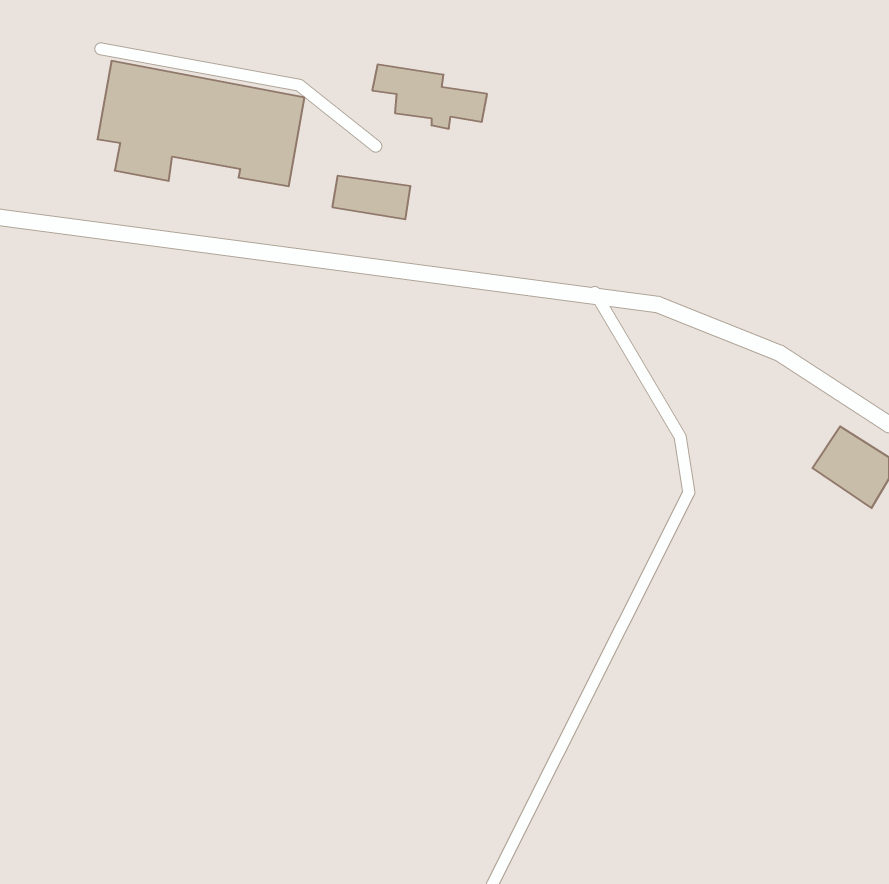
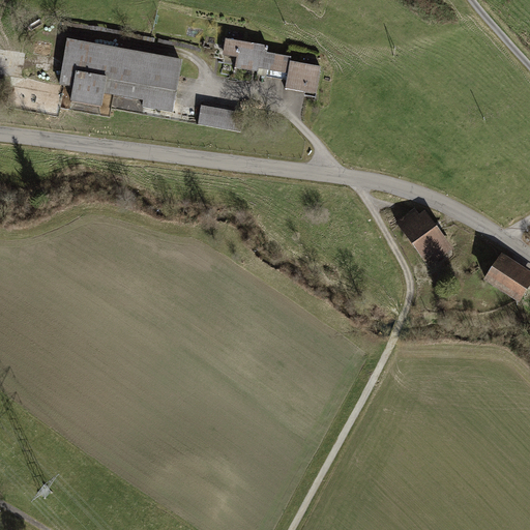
building: none -> [285,61,321,93]
building: none -> [395,207,453,266]

